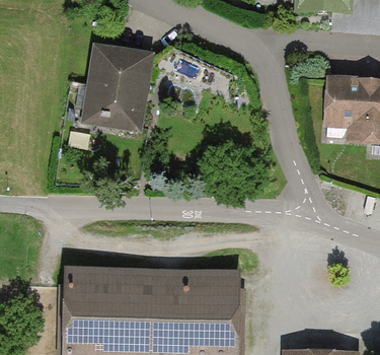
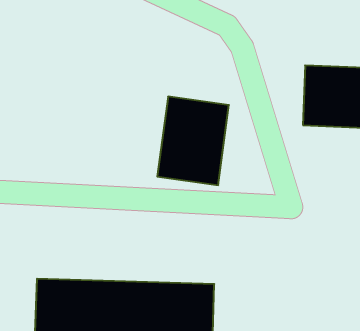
building: [84,42,152,126] -> [157,97,229,185]

